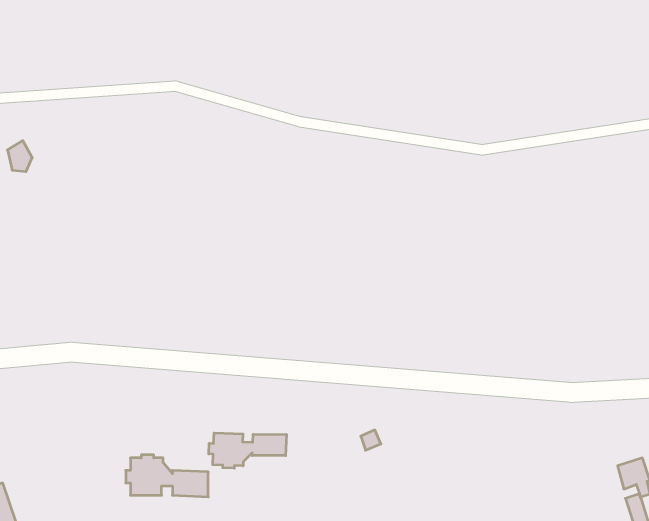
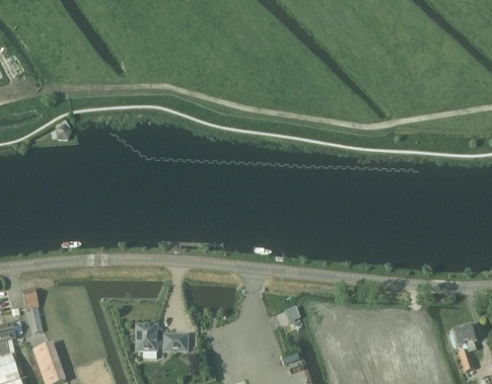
building: [209,433,286,468] -> none

